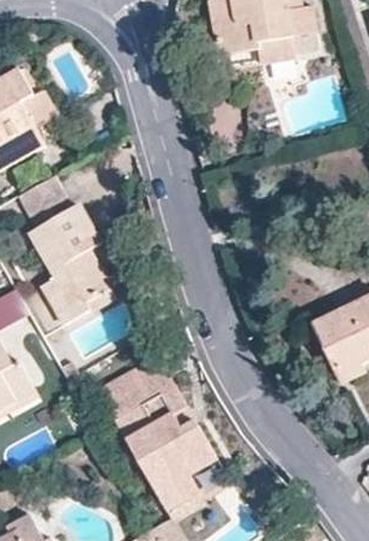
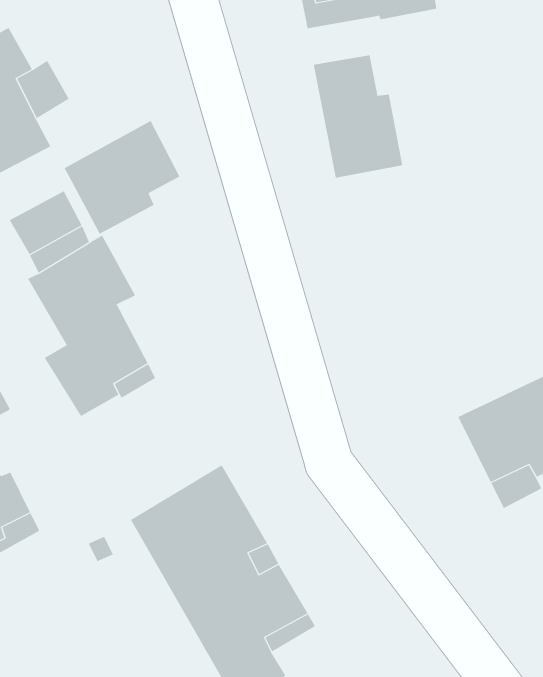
building: none -> [313,54,403,178]
building: none -> [64,120,180,235]

